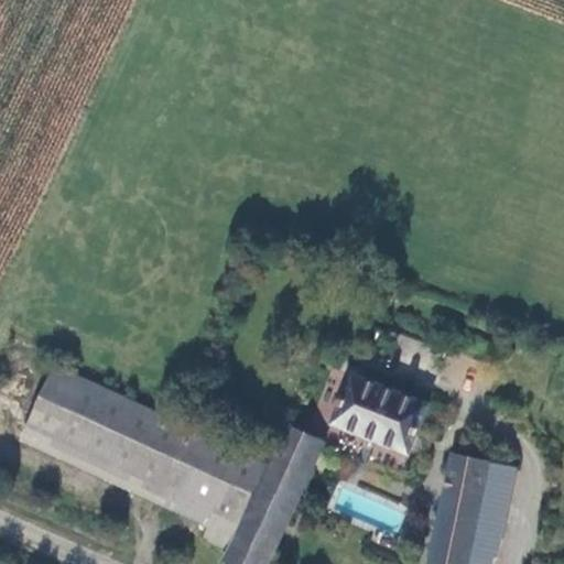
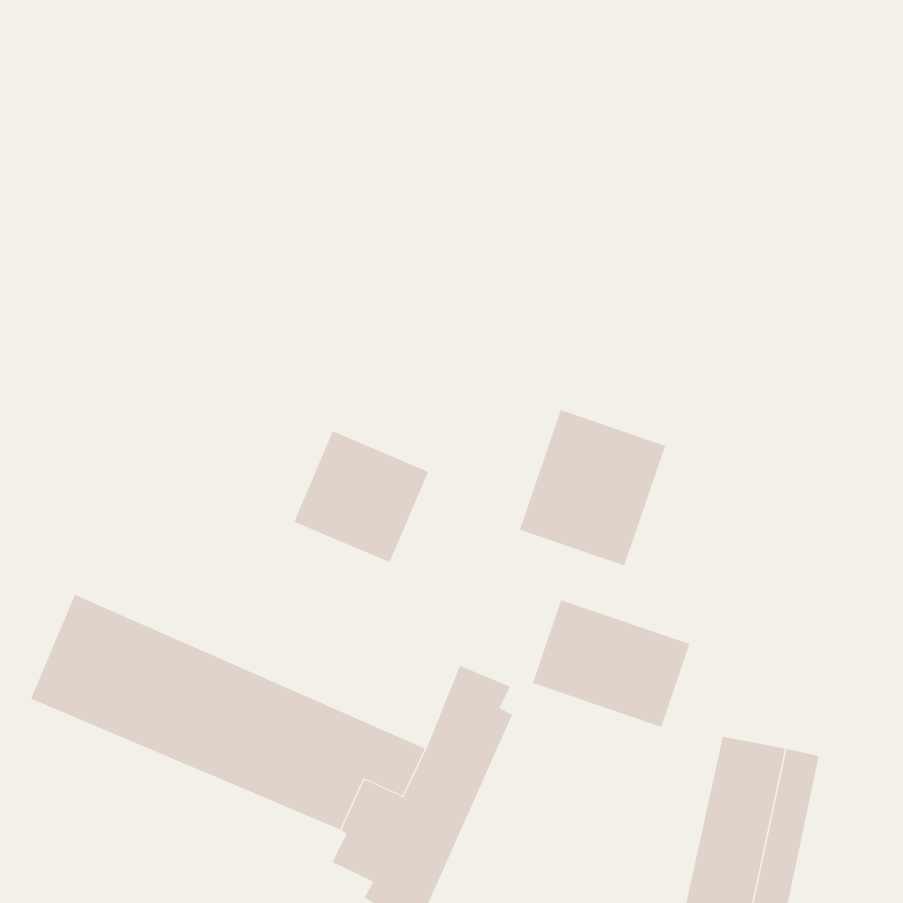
building: none -> [519,409,666,566]
building: none -> [294,431,429,563]

